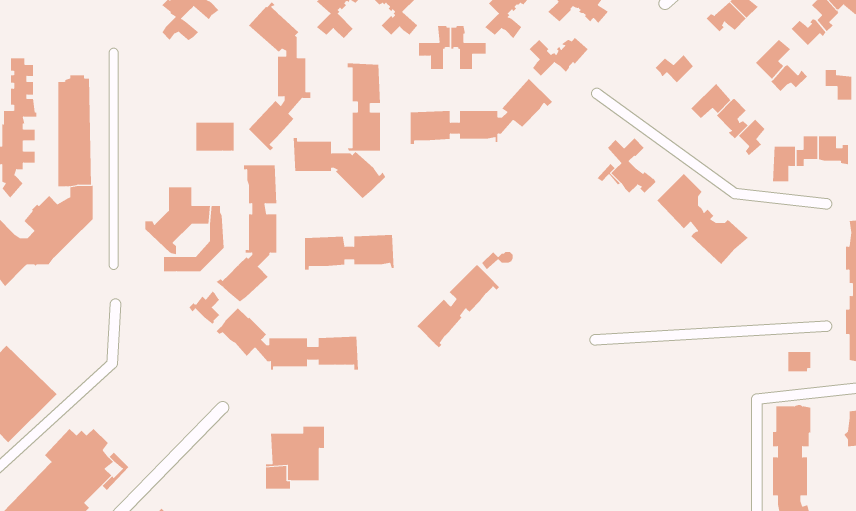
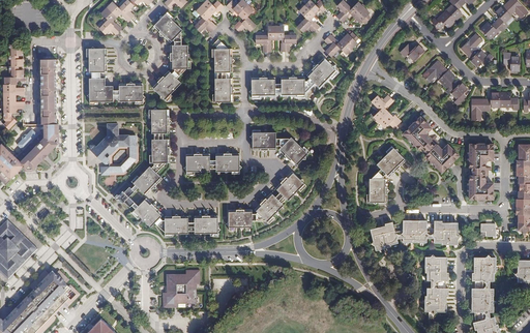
building: none -> [90,49,108,71]
building: none -> [90,78,115,104]
building: [293,138,386,199] -> [253,128,310,165]
building: none -> [466,142,491,198]
building: none -> [365,144,404,202]
building: none -> [229,209,265,229]
building: none -> [370,220,460,250]
building: none -> [424,255,447,314]

